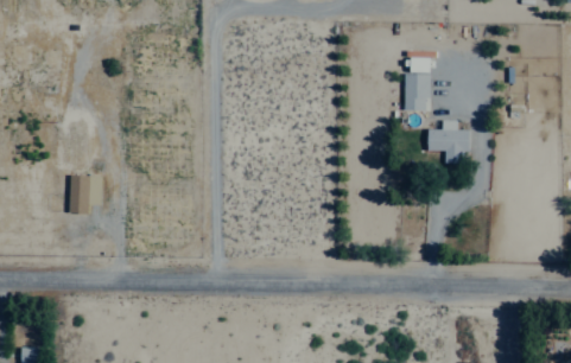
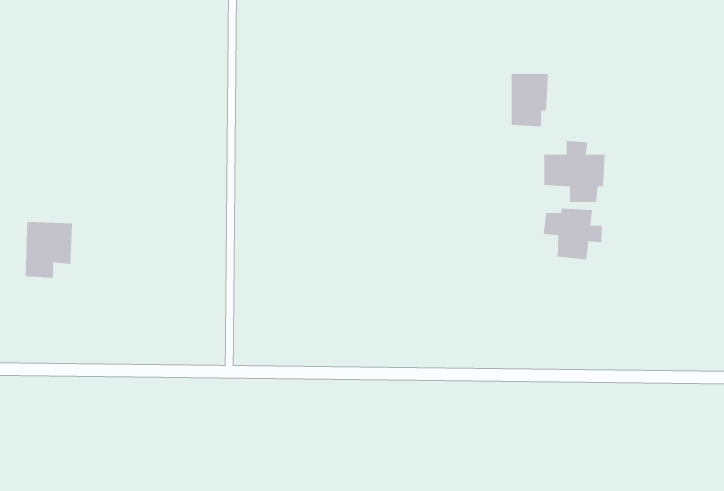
building: none -> [543,208,602,260]

